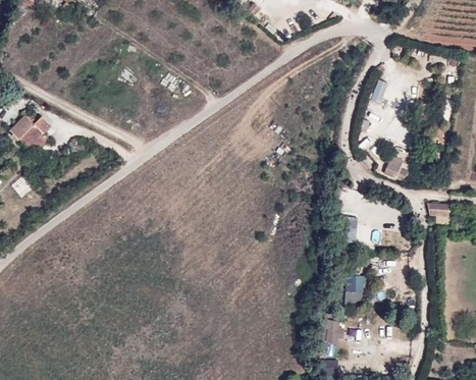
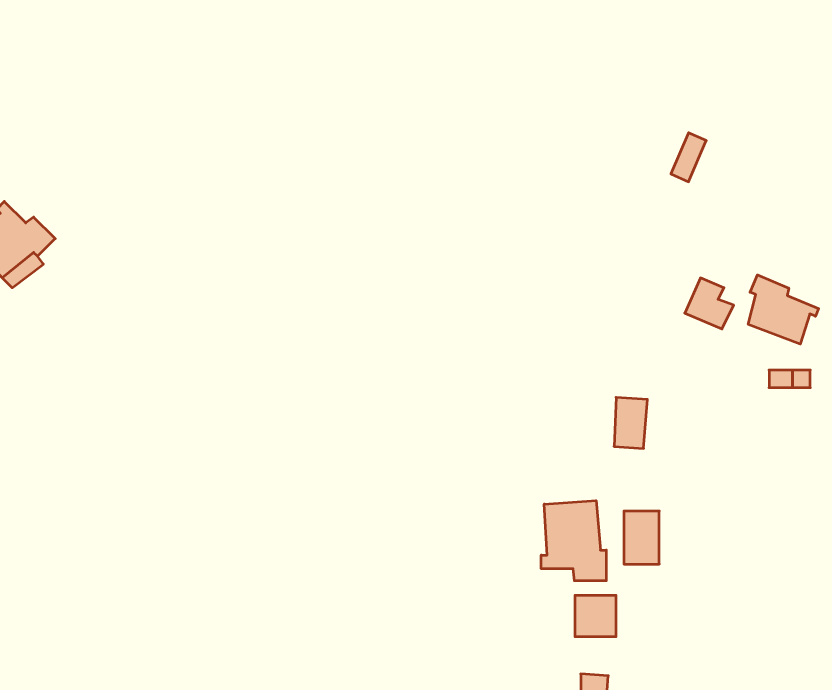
building: none -> [748,275,819,344]
building: none -> [541,501,606,581]

